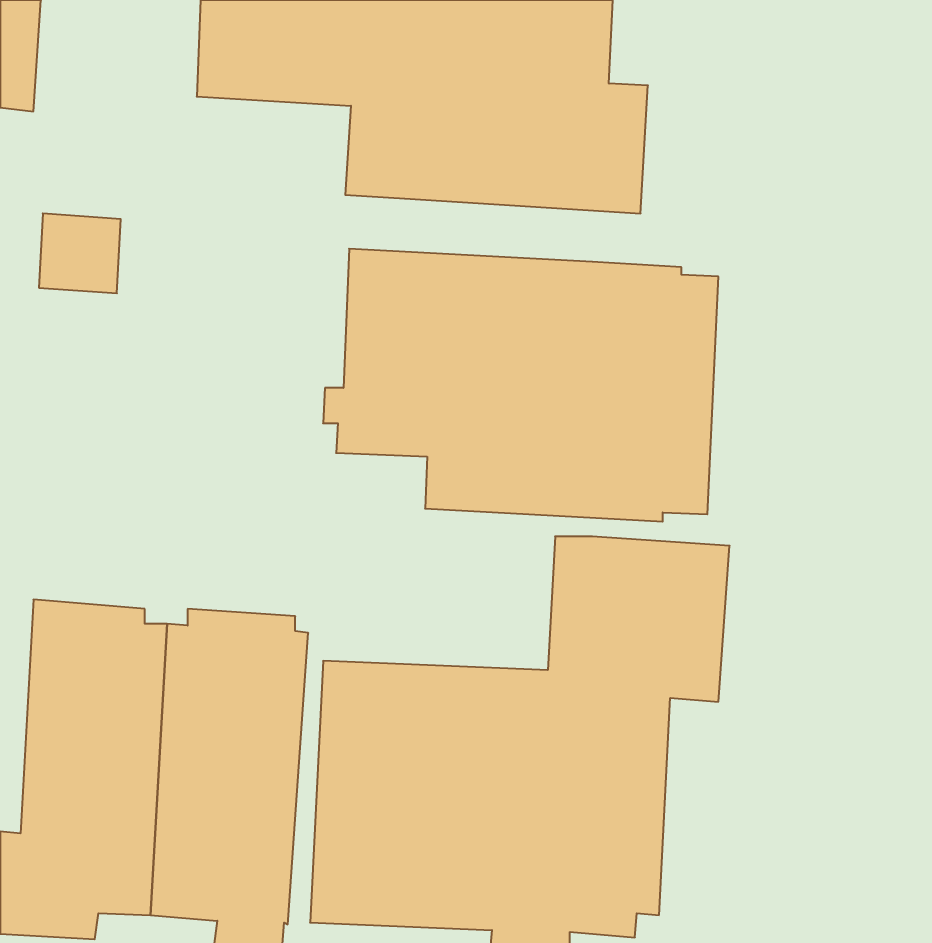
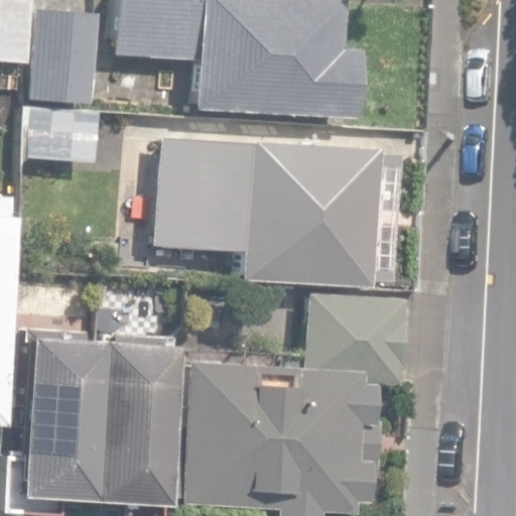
building: none -> [30,9,96,104]

